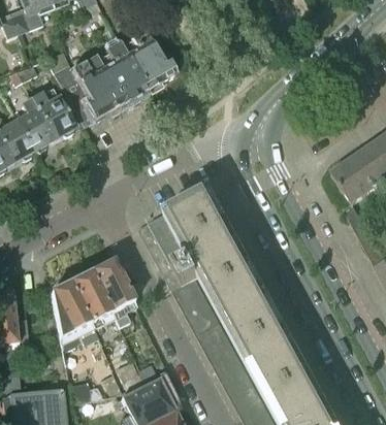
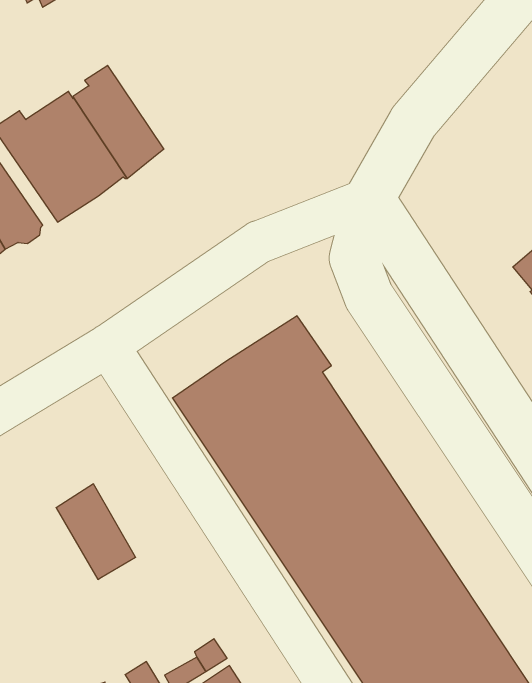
building: [120,28,176,91] -> none
building: [92,260,135,326] -> none
building: [51,283,98,352] -> none

